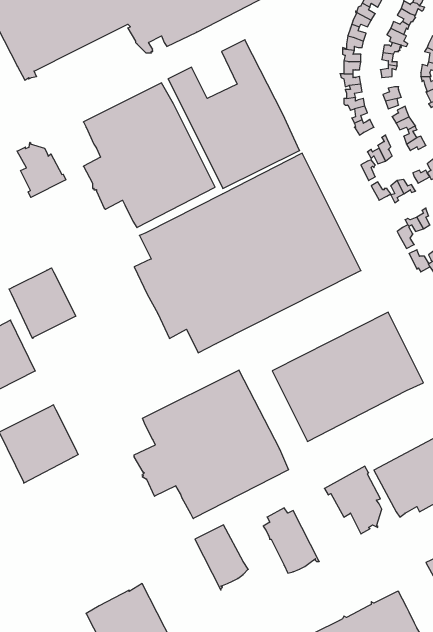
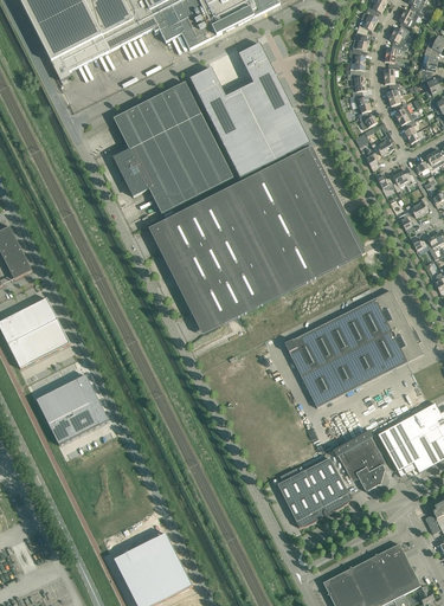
building: [17,142,66,197] -> none
building: [9,268,76,338] -> none
building: [134,370,288,519] -> none
building: [195,525,248,590] -> [303,457,352,516]

